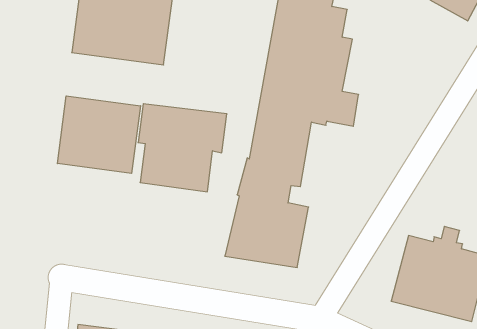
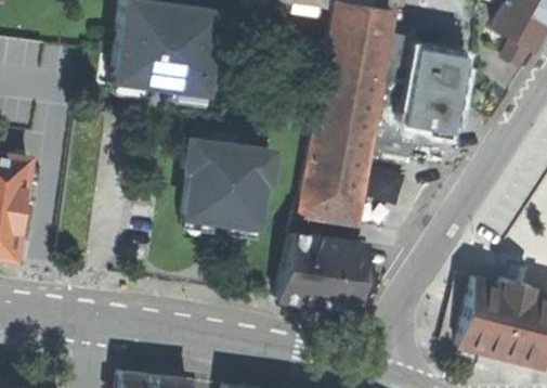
building: none -> [402,41,467,134]
building: [57,96,141,173] -> none

